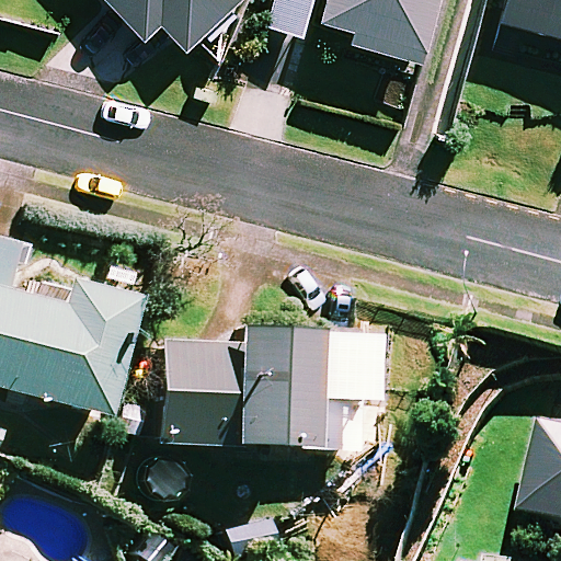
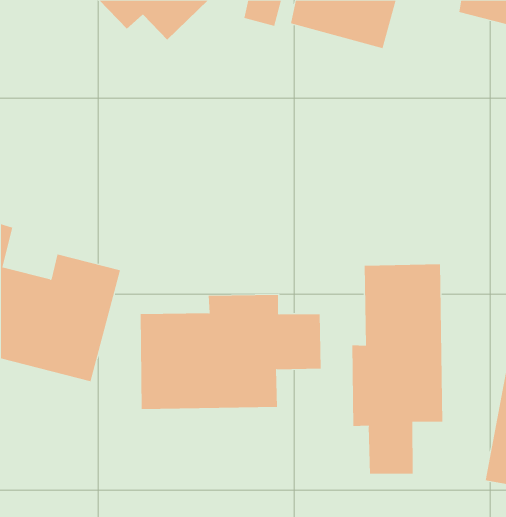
building: none -> [352,264,443,475]

